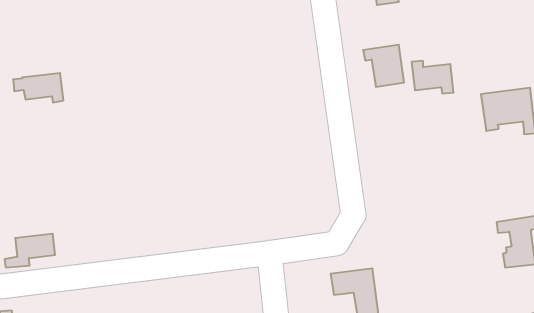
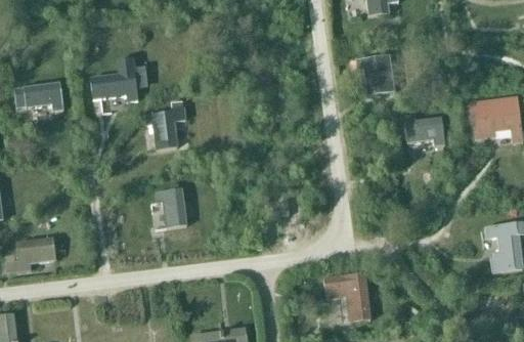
building: none -> [91,57,145,100]
building: [412,61,454,93] -> [404,114,445,145]
building: none -> [144,105,185,149]
building: none -> [156,188,187,227]

